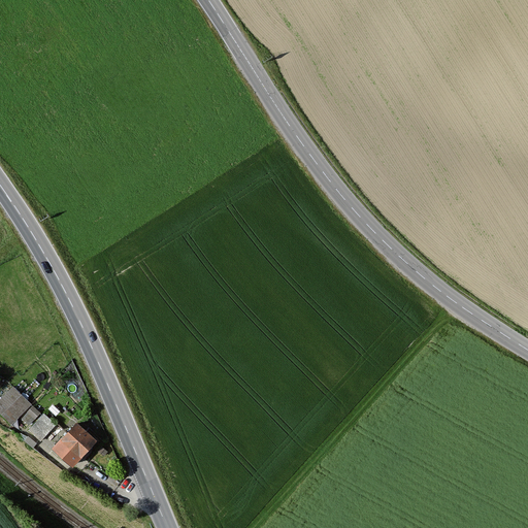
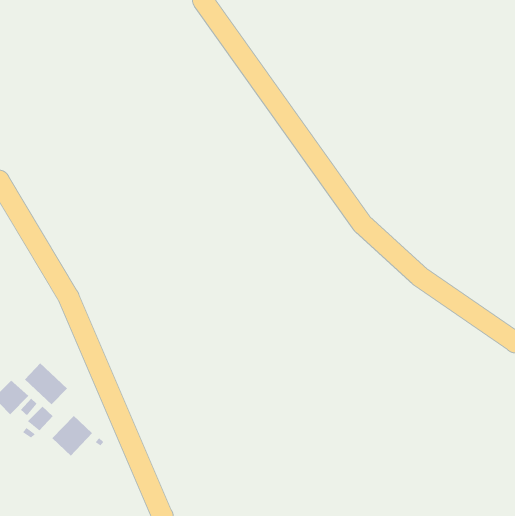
building: none -> [24,363,68,405]

